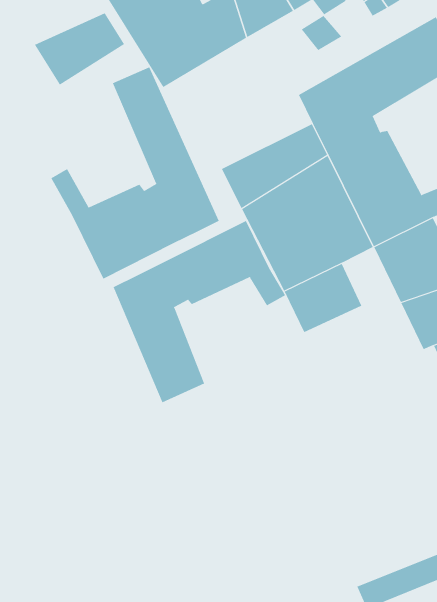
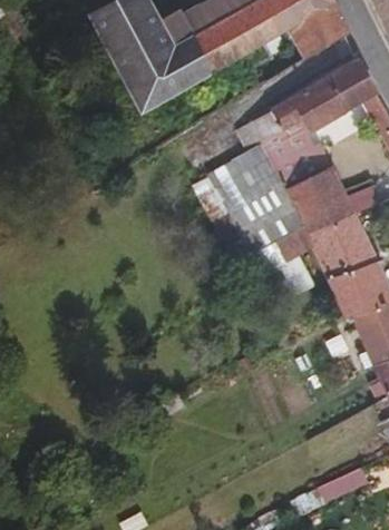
building: [34,13,125,85] -> none
building: [51,66,219,279] -> none
building: [113,220,286,403] -> none

